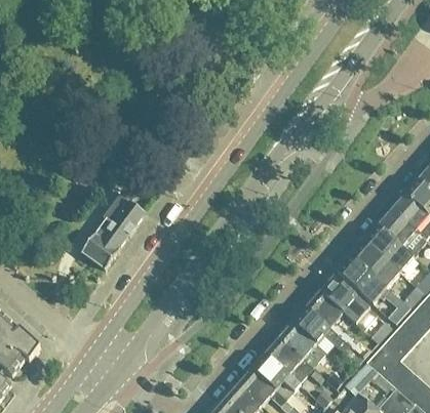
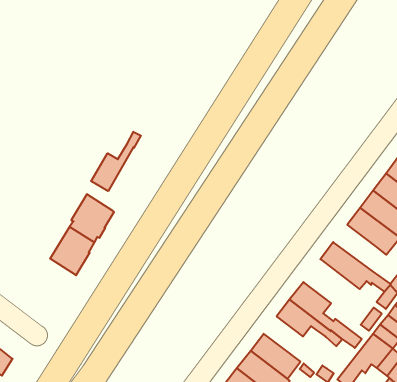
building: none -> [91,132,141,191]
building: [350,241,399,287] -> none
building: [319,276,377,330] -> none
building: [278,323,324,367] -> none

